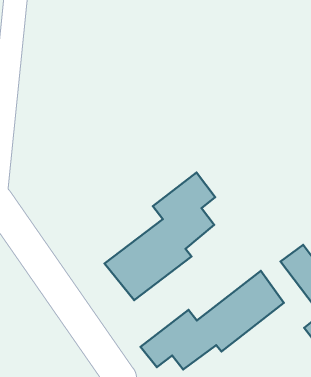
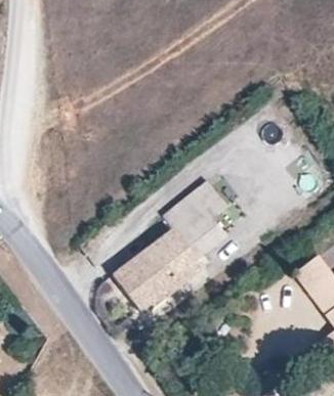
building: [141,271,284,369] -> none

